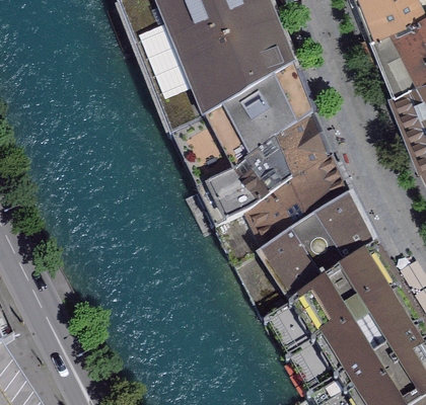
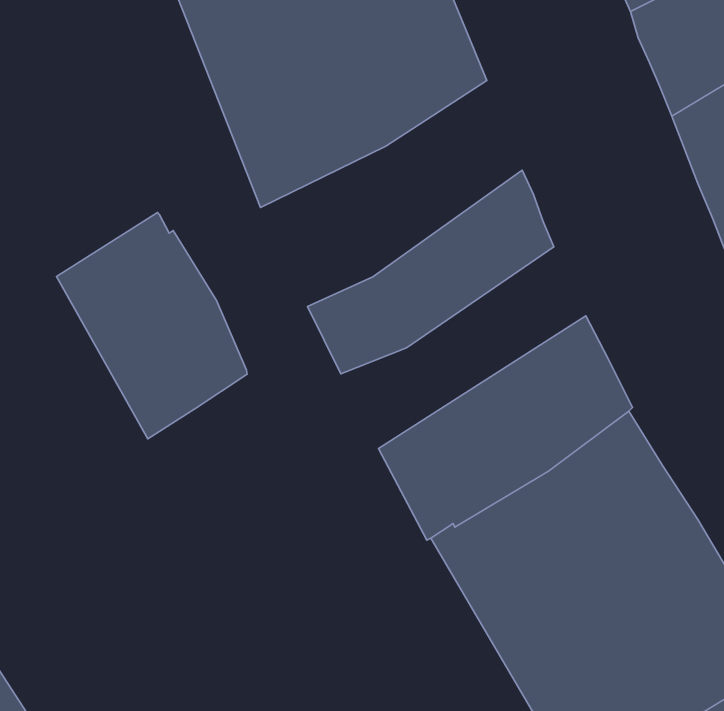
building: [167,56,309,178] -> none
building: none -> [57,212,247,439]
building: [211,146,344,255] -> none

